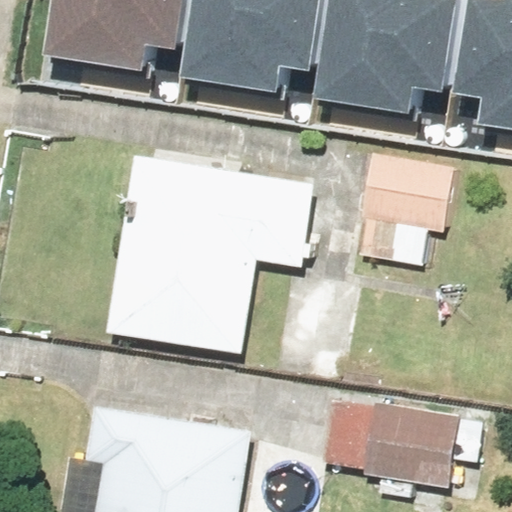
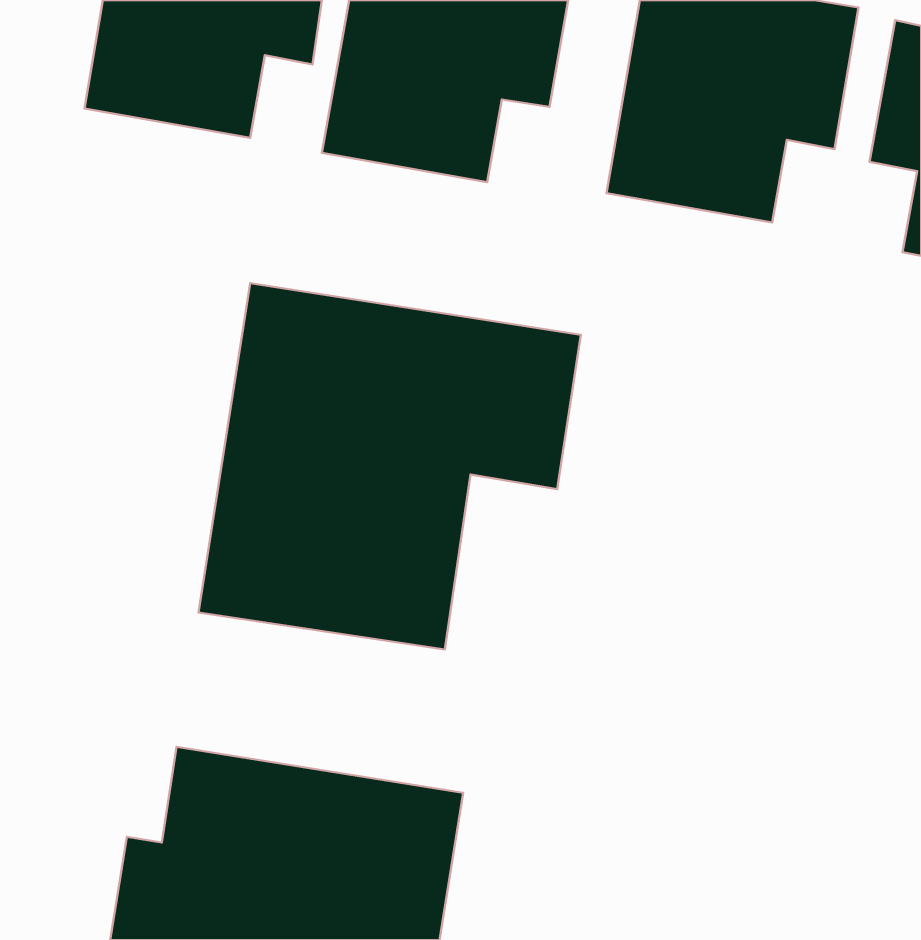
building: [357,152,454,266] -> none
building: [321,399,480,487] -> none

